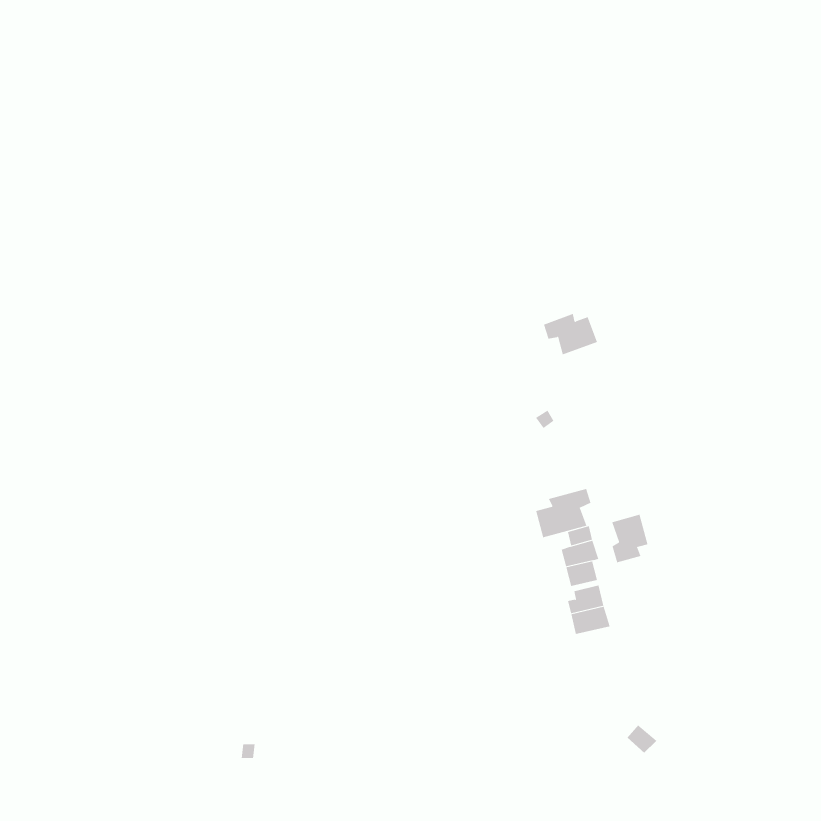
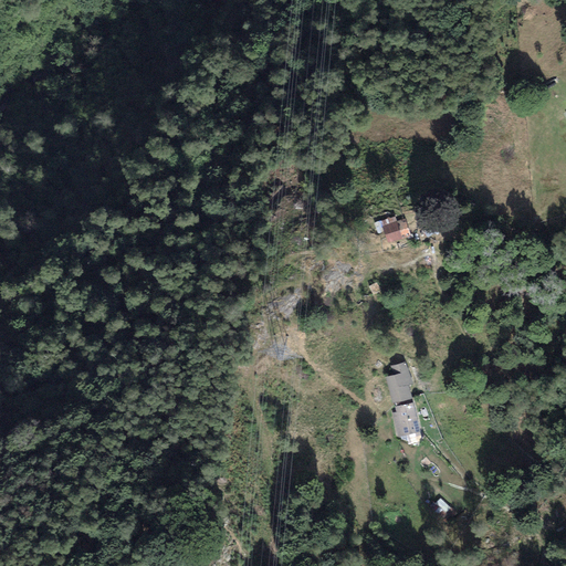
building: [536,488,591,538] -> none
building: [612,514,648,563] -> none

